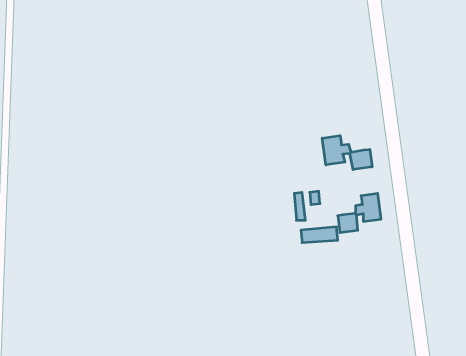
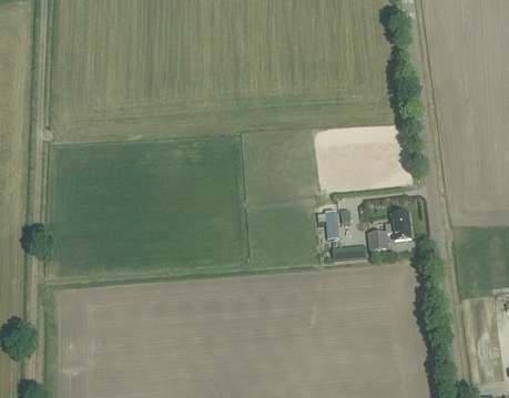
building: [322,136,372,170] -> none

